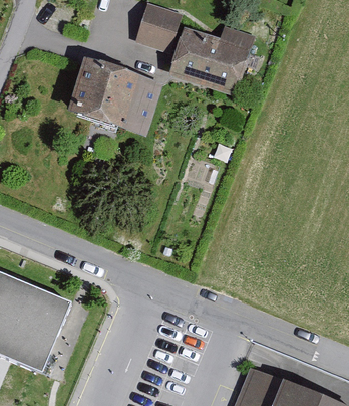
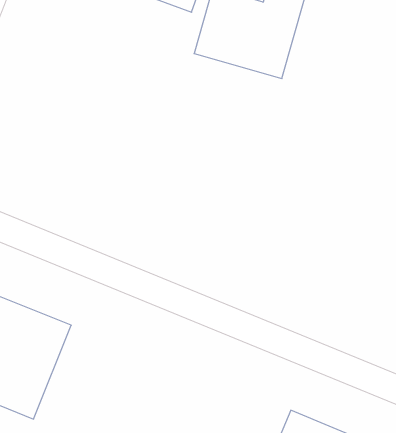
building: [73,60,165,139] -> none

